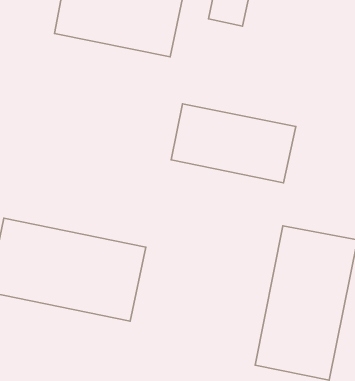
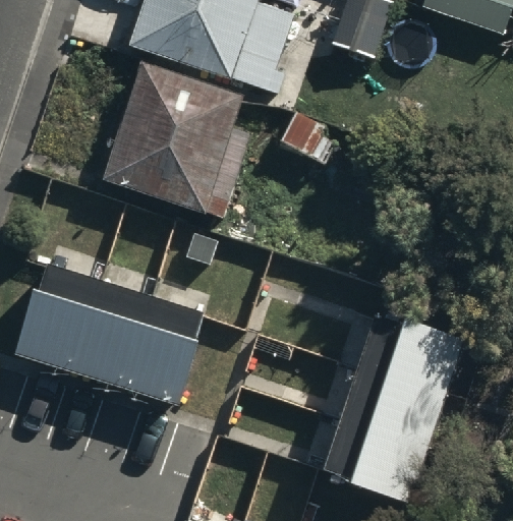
building: none -> [102,66,263,220]
building: [171,104,296,183] -> none

